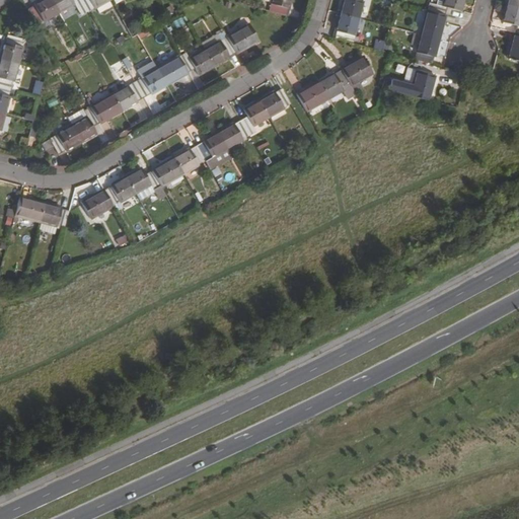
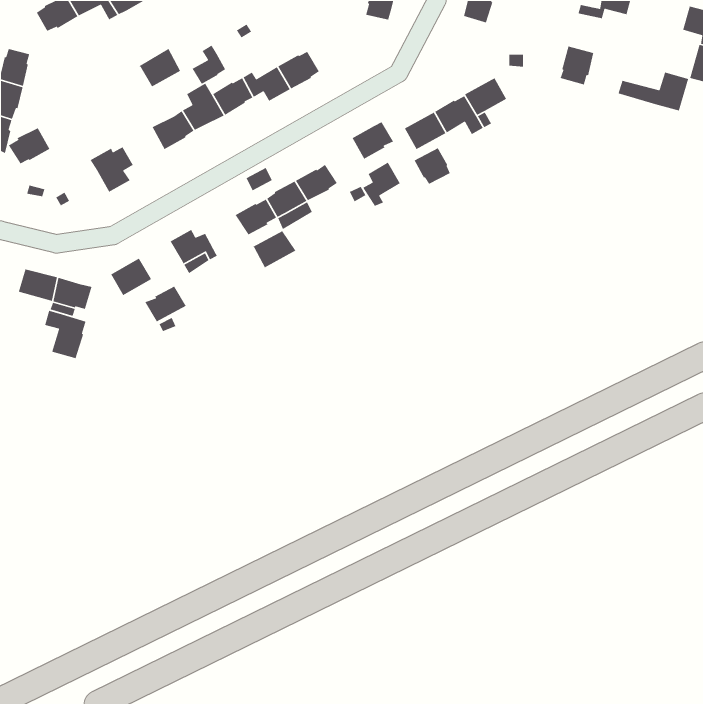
building: [419,9,445,39] -> none
building: [336,12,359,43] -> none
building: [227,23,258,53] -> none
building: none -> [192,45,226,85]
building: [383,71,436,100] -> [618,72,689,112]
building: [90,93,122,123] -> [139,48,181,88]
building: [240,101,269,135] -> [362,161,401,207]
building: none -> [413,147,451,185]
building: [50,126,81,153] -> [8,127,50,164]
building: [151,158,183,187] -> [252,230,296,269]
building: [103,177,135,205] -> [144,285,187,323]
building: none -> [44,310,86,359]

